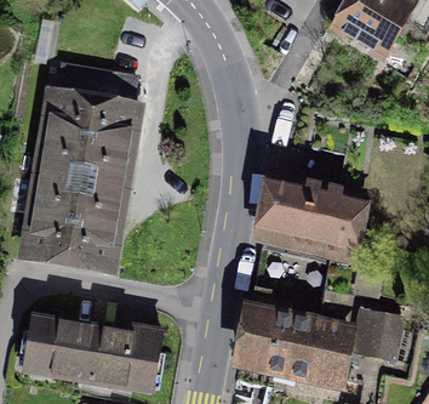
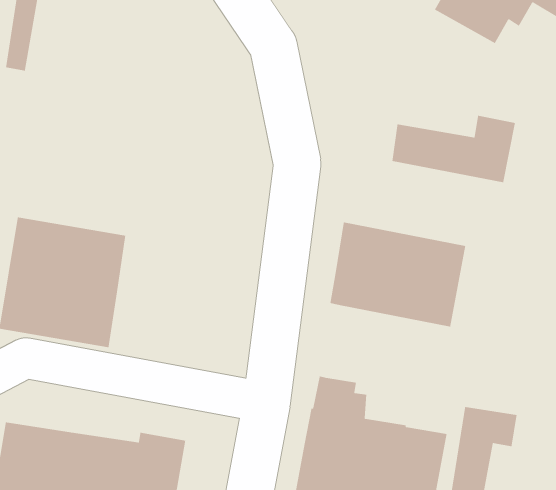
building: [40,64,136,187] -> none
building: none -> [391,115,516,183]

